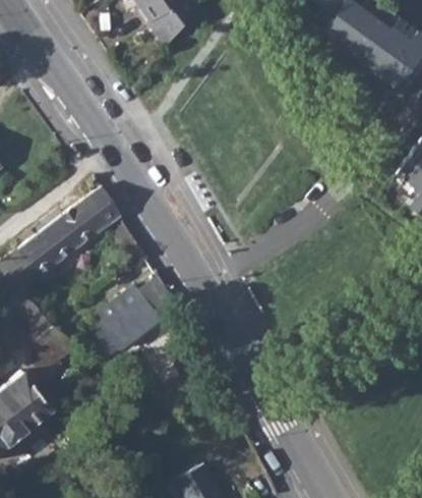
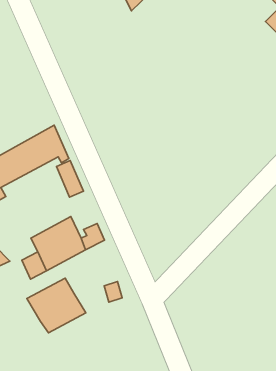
building: none -> [27,278,86,333]

